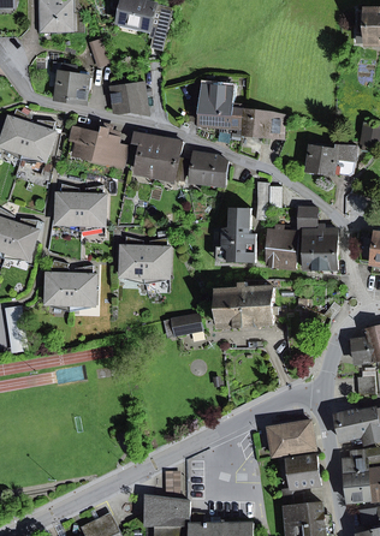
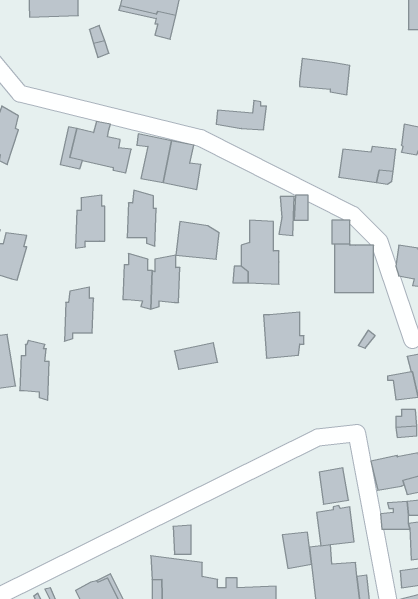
building: [51,64,87,105] -> none
building: [108,76,147,117] -> none
building: [201,83,232,115] -> none
building: [241,109,284,141] -> [300,58,350,95]
building: [19,120,53,161] -> none
building: [189,153,226,185] -> [176,222,219,259]
building: [54,184,79,232] -> [127,190,156,246]
building: [265,226,296,269] -> none
building: [44,261,70,312] -> [20,340,49,400]
building: [215,282,245,328] -> none
building: [267,425,292,457] -> [282,532,312,568]
building: [343,474,368,504] -> none

